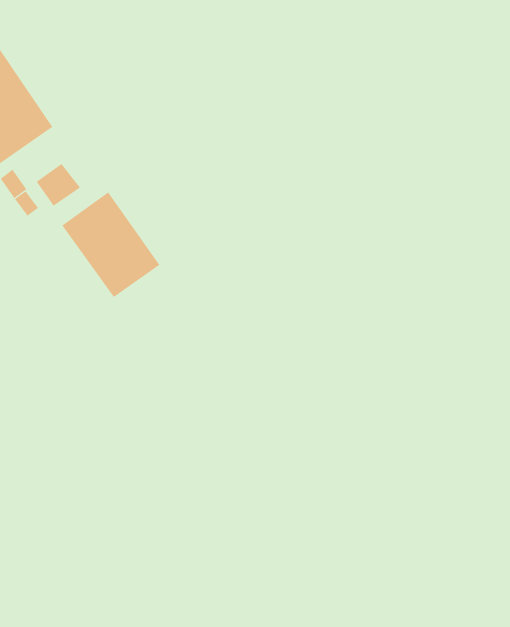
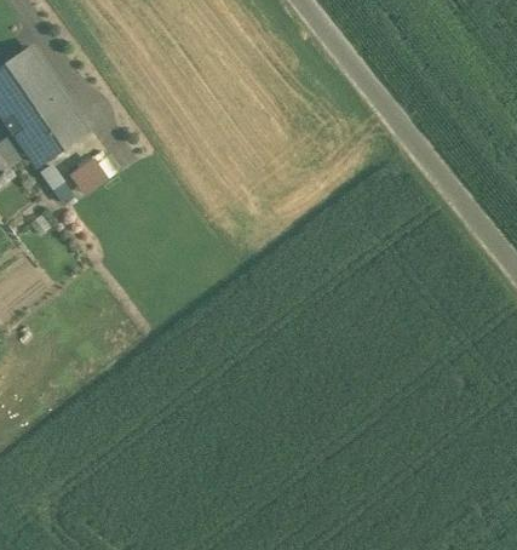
building: [62,191,160,298] -> none

